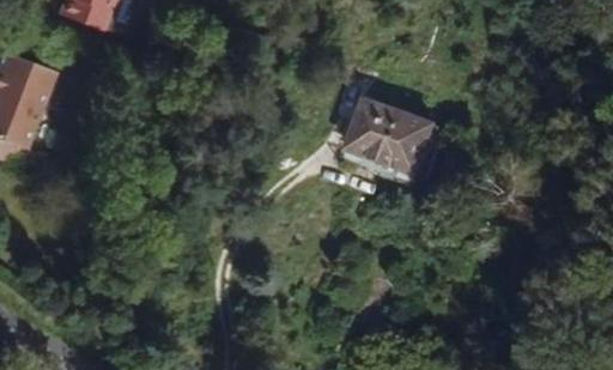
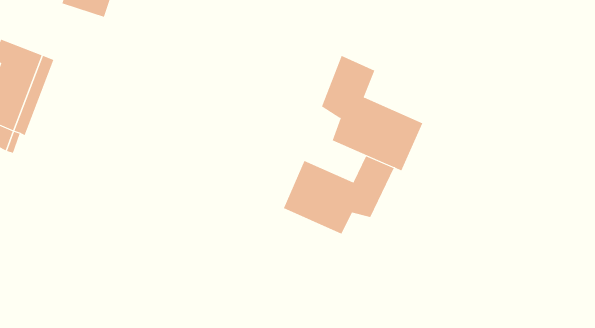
building: none -> [283,156,395,235]

